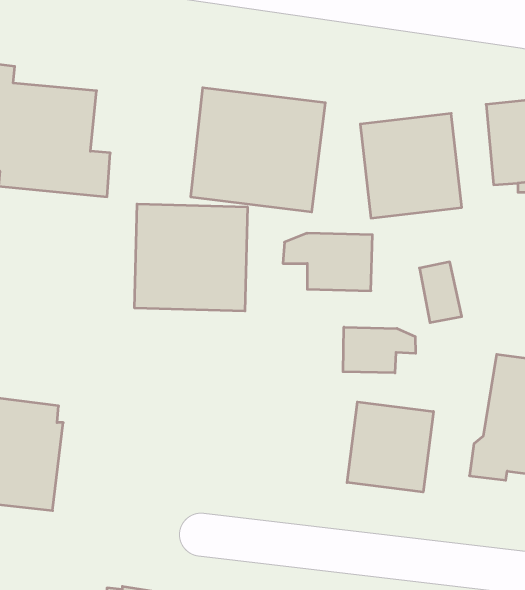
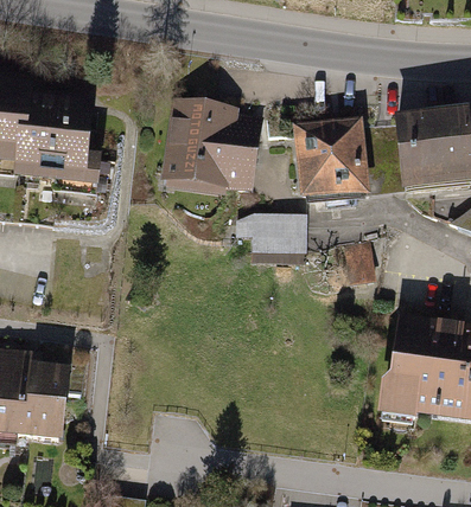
building: [135,204,247,311] -> none
building: [343,327,416,373] -> none
building: [347,402,433,492] -> none

